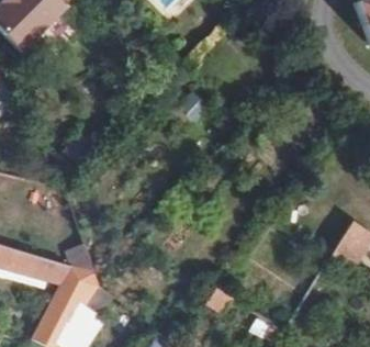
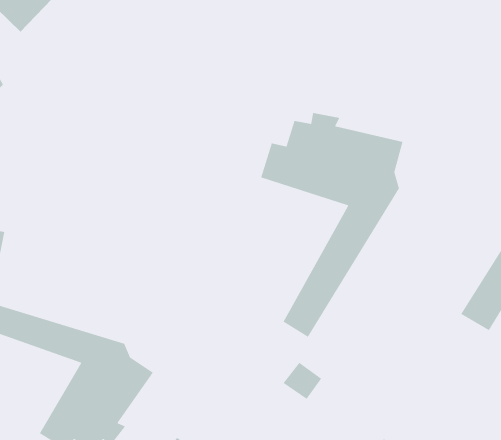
building: none -> [260,112,403,338]

